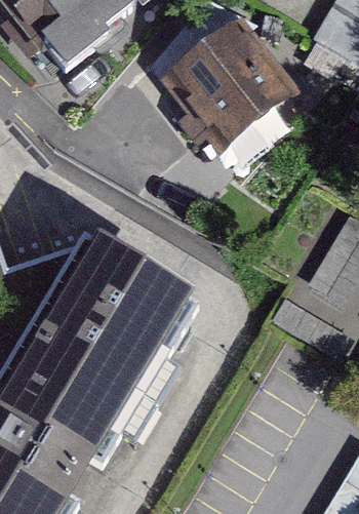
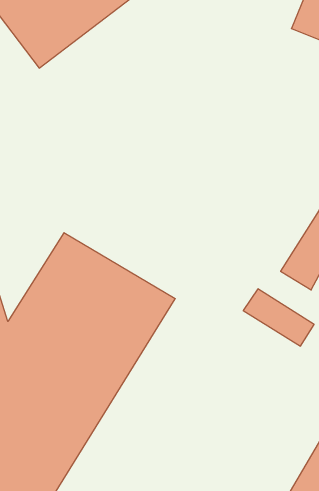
building: [177,15,301,142] -> none

